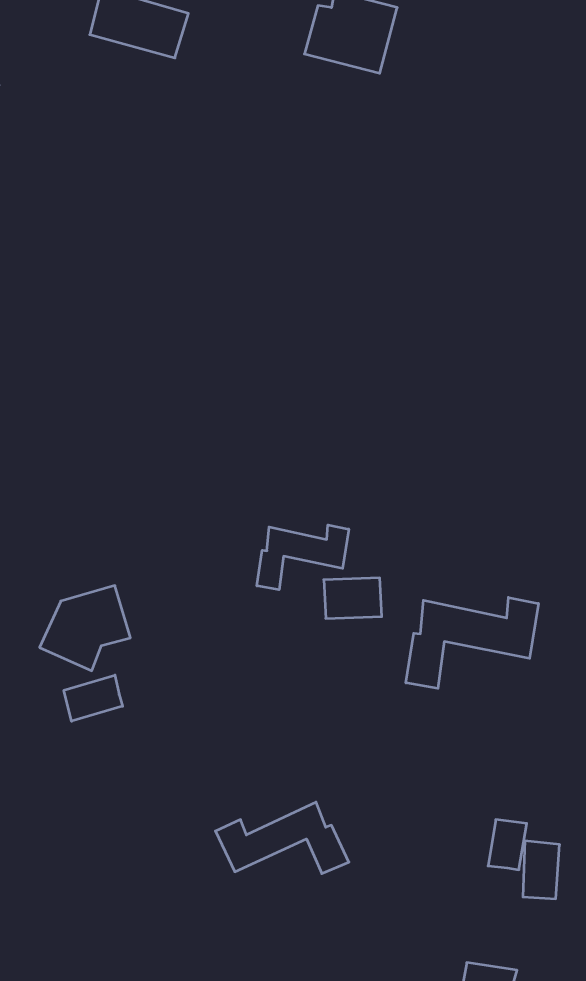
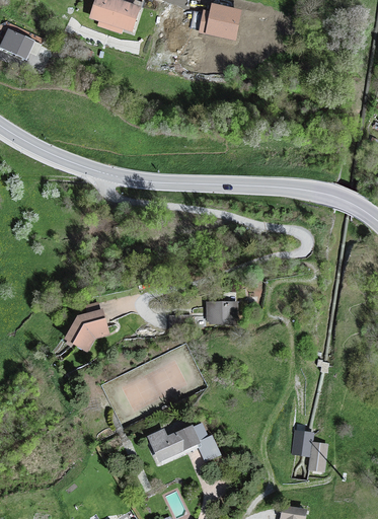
building: [257,525,349,590] -> none
building: [406,597,538,688] -> none
building: [64,675,123,721] -> none

